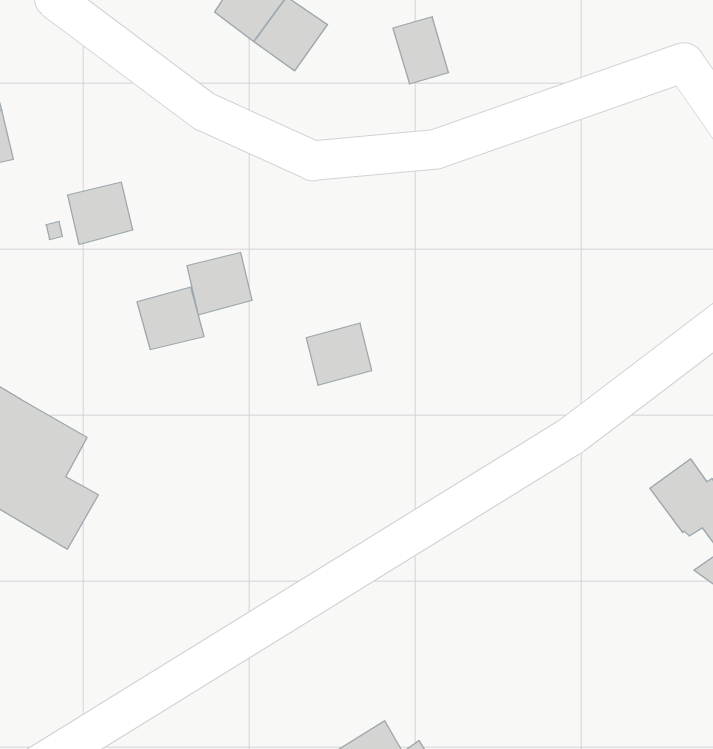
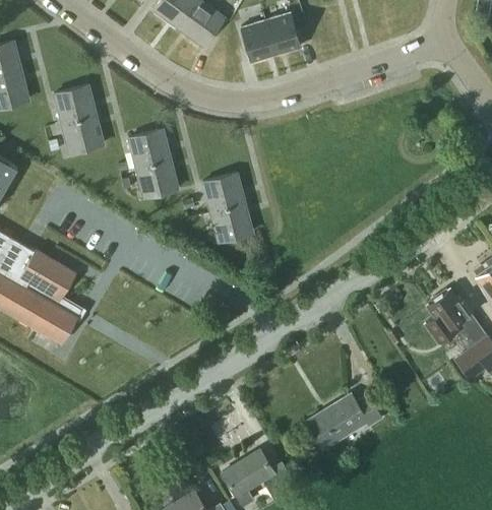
building: none -> [241,20,275,63]
building: none -> [55,85,97,124]
building: none -> [203,174,245,212]
building: [137,287,204,349] -> [129,129,171,168]
building: none -> [306,394,381,449]

